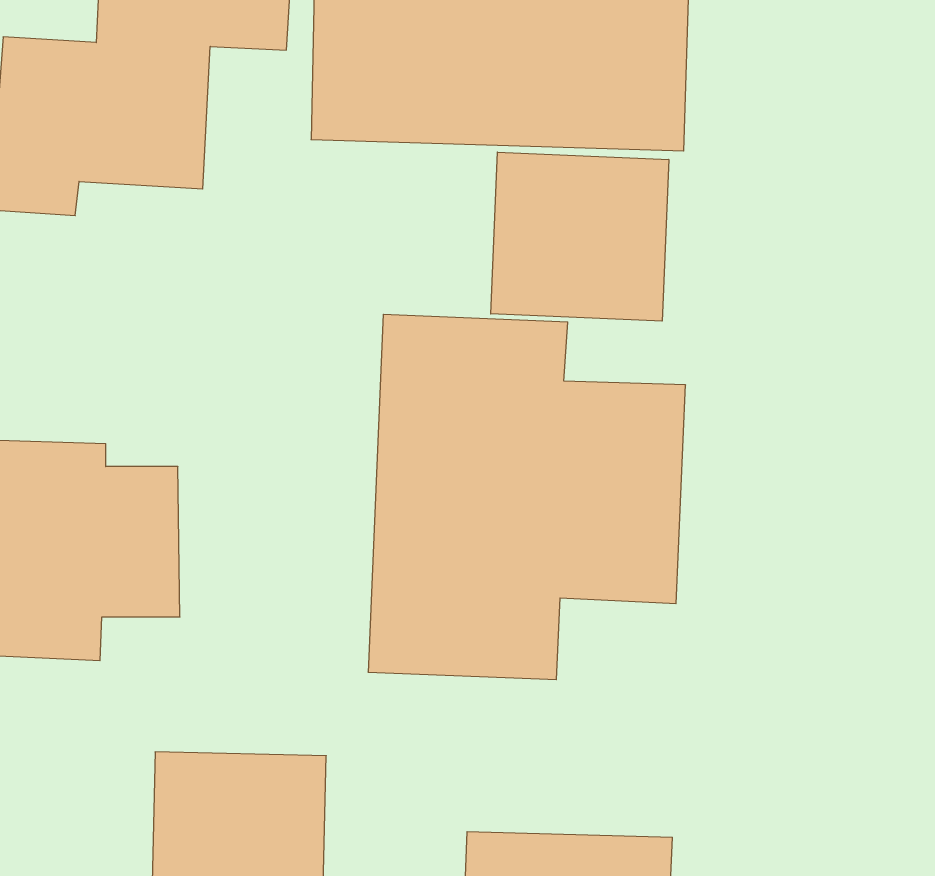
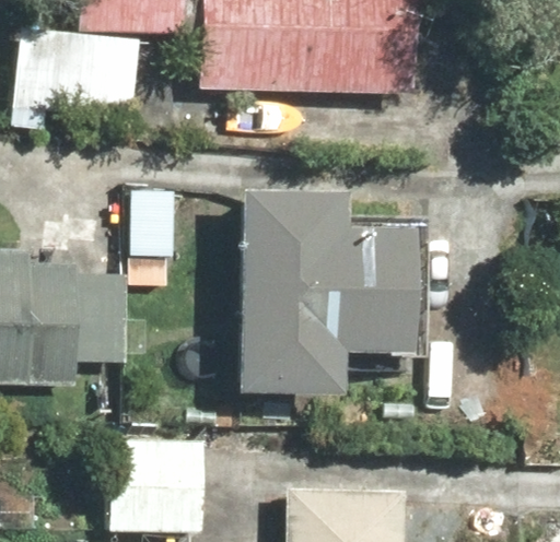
building: [491,152,669,321] -> none

